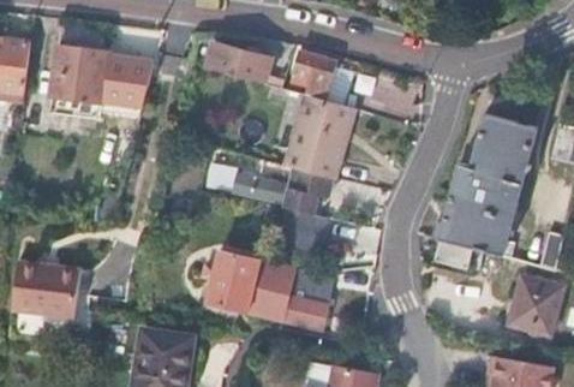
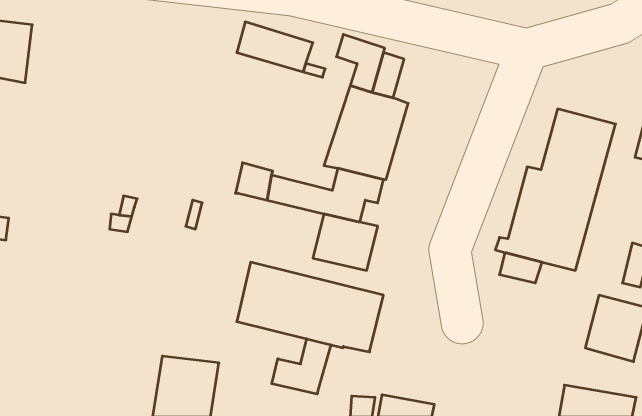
building: [52,46,156,112] -> none
building: [12,261,79,316] -> none
building: none -> [272,339,331,394]

